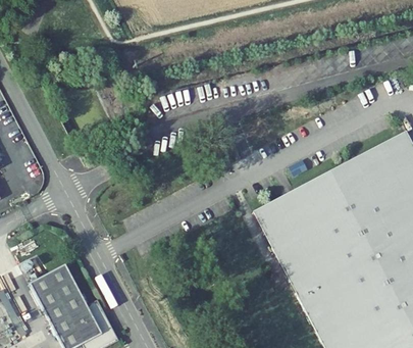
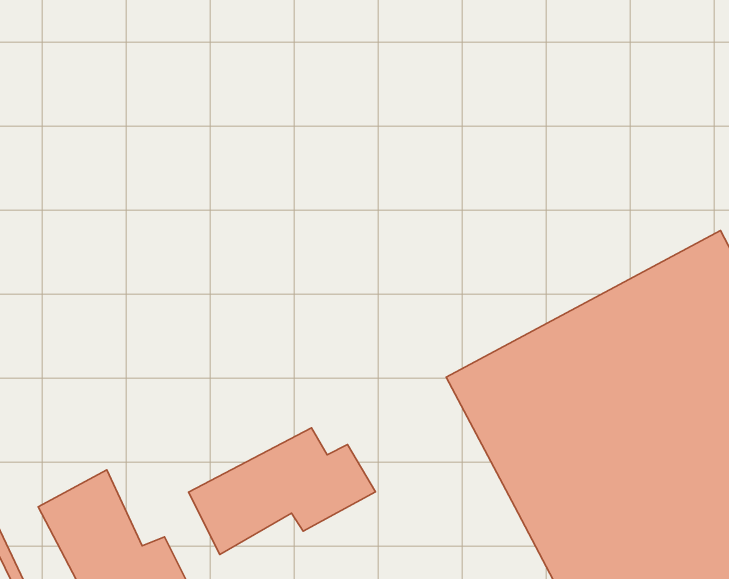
building: none -> [188,428,375,555]

